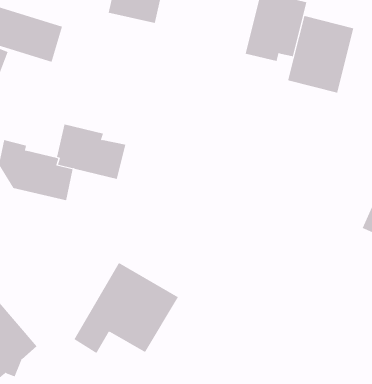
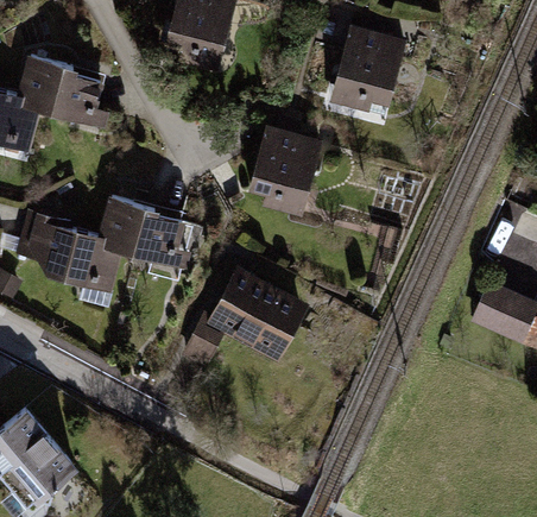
building: [288,15,354,93] -> none
building: none -> [248,131,323,223]
building: [74,262,179,354] -> [181,257,309,368]

